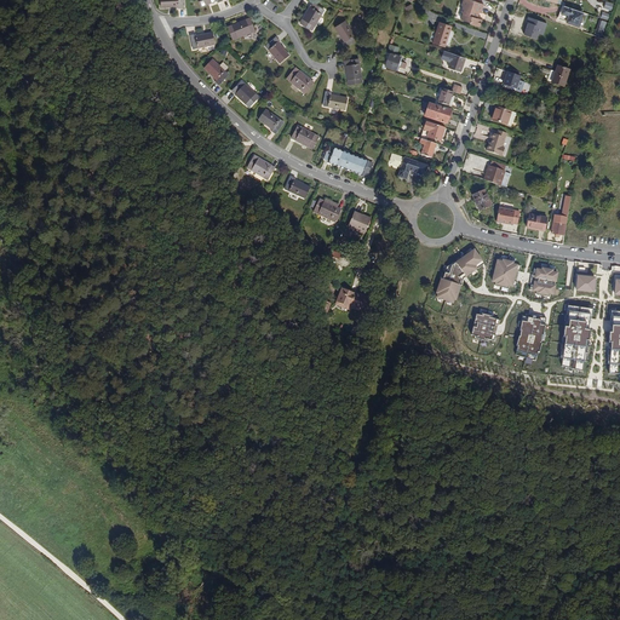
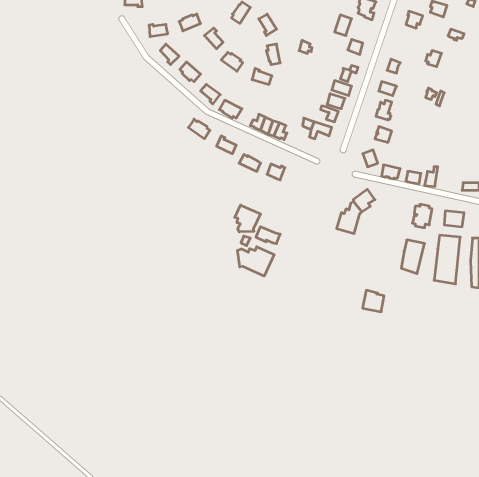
building: [493,256,518,286] -> none
building: none -> [235,205,261,232]
building: [471,310,499,338] -> [363,290,384,312]
building: none -> [238,247,274,276]

